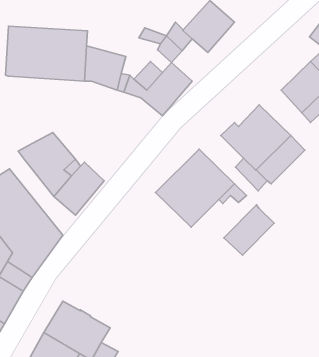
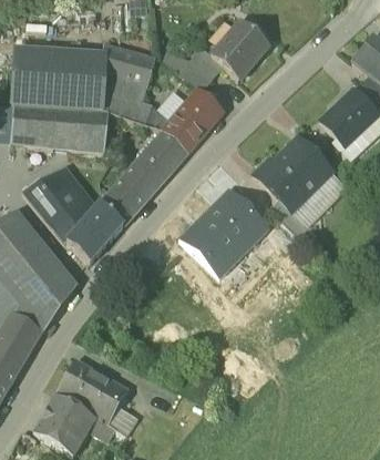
building: none -> [103,44,154,83]
building: none -> [11,105,109,152]
building: none -> [101,130,188,223]
building: [224,205,274,255] -> none

